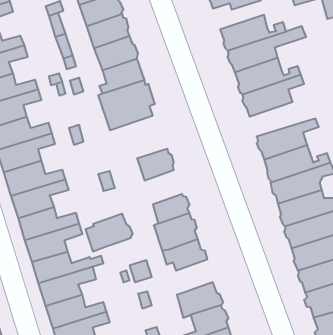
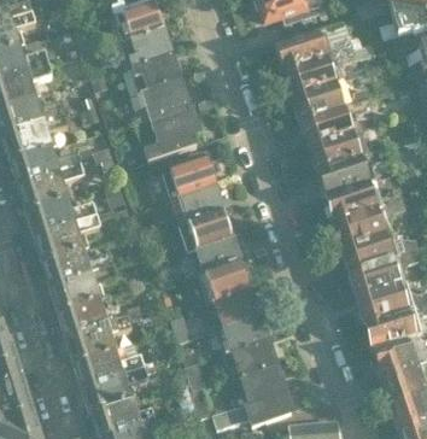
building: none -> [308,129,384,169]
building: none -> [162,158,214,198]
building: [85,214,133,251] -> [179,207,233,251]
building: none -> [216,310,265,351]

